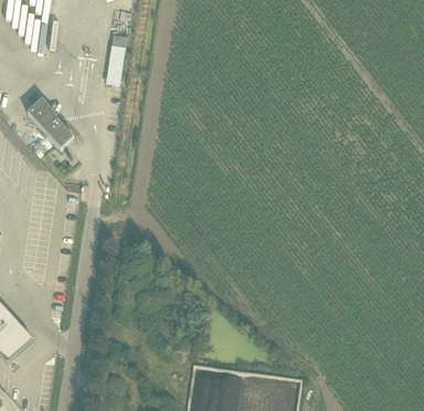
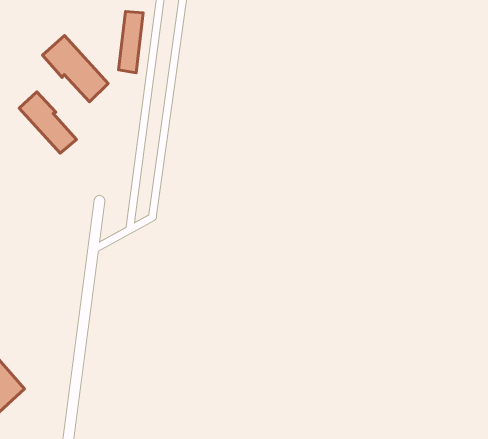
building: none -> [43,36,108,102]

